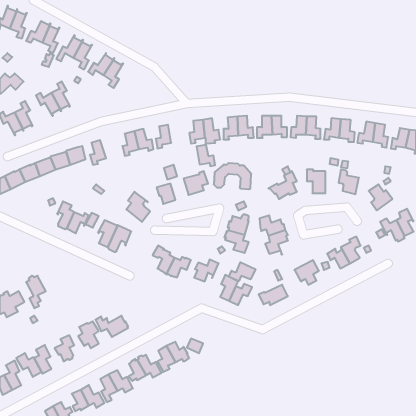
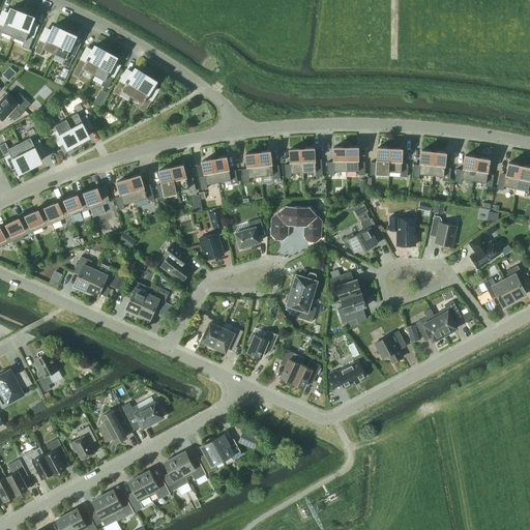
building: none -> [127,175,153,202]
building: [196,145,215,166] -> [213,157,237,184]
building: [229,262,255,281] -> none

